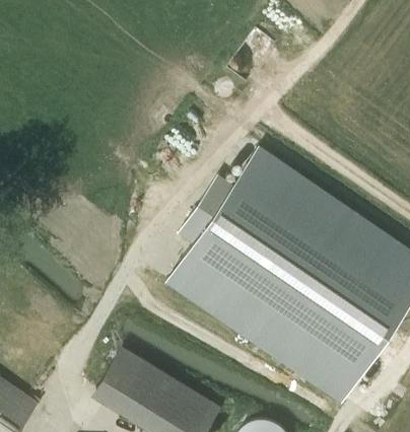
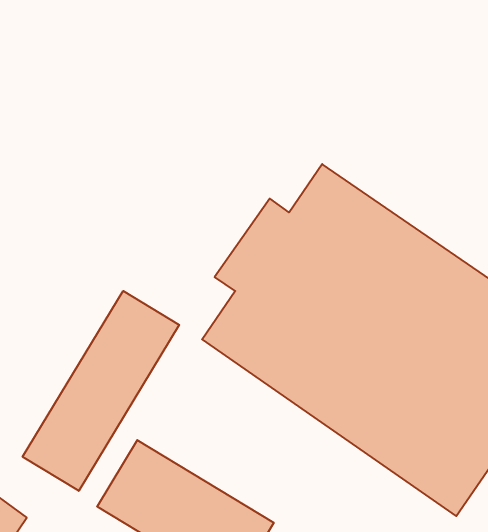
building: none -> [23,291,179,491]

